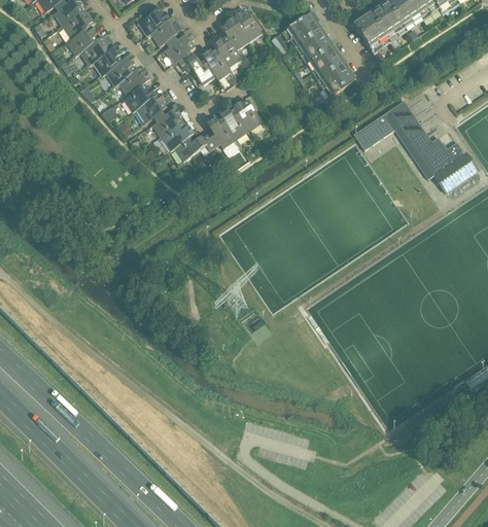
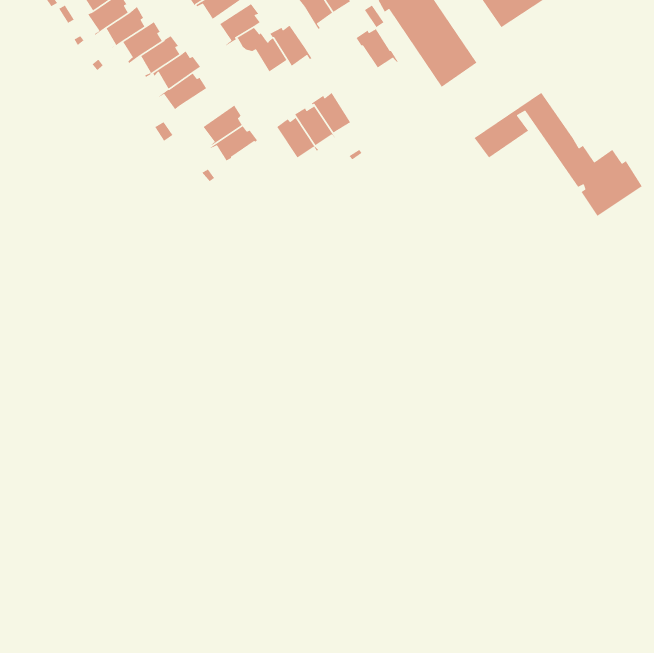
building: [211,36,243,66] -> [355,28,398,68]
building: [135,93,168,125] -> none
building: [173,135,214,161] -> none

